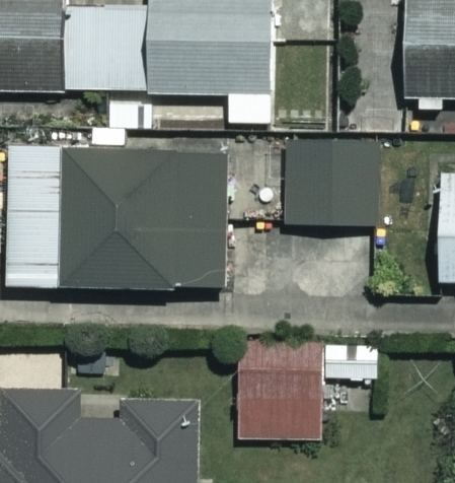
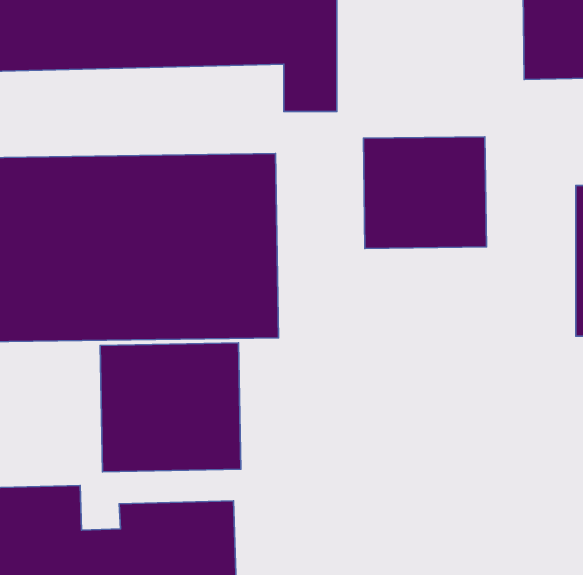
building: none -> [100,343,241,472]
building: [240,336,323,444] -> none

